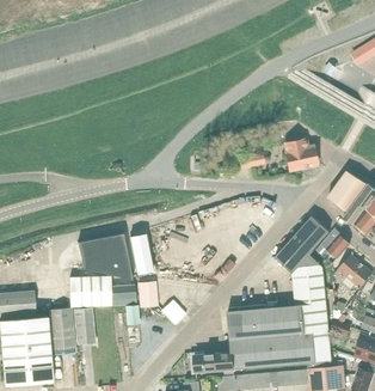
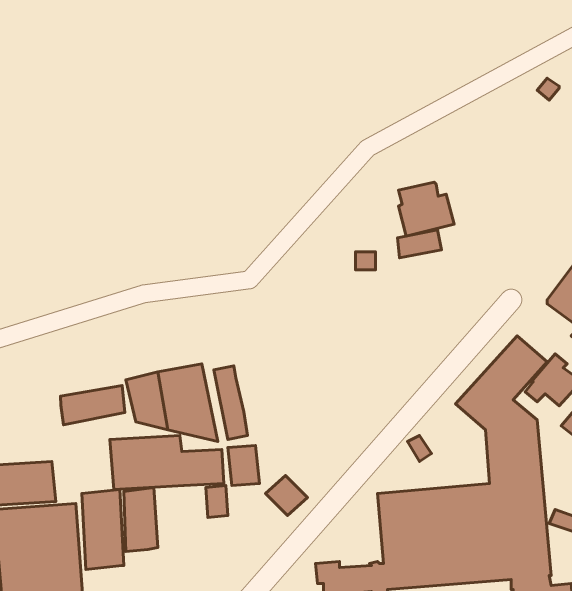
building: [284,139,318,171] -> [398,182,454,236]
building: none -> [61,385,125,425]

